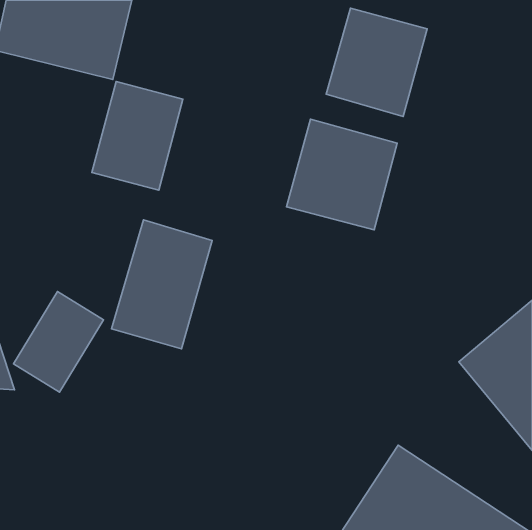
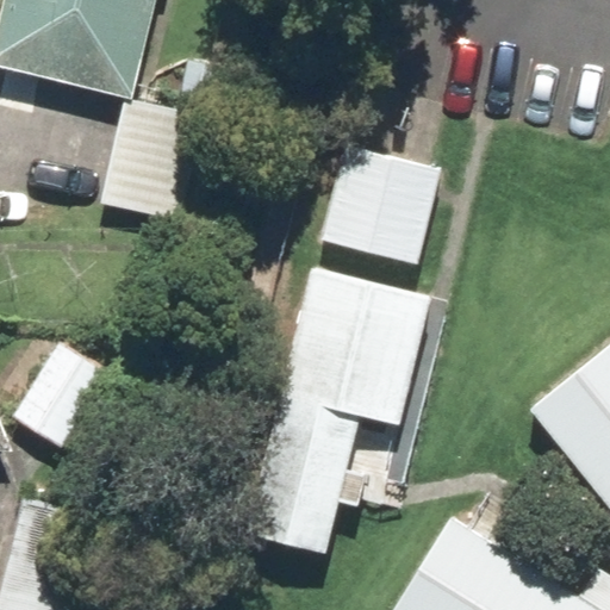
building: [326,8,427,116] -> none
building: [112,220,212,349] -> none
building: none -> [239,273,428,556]

